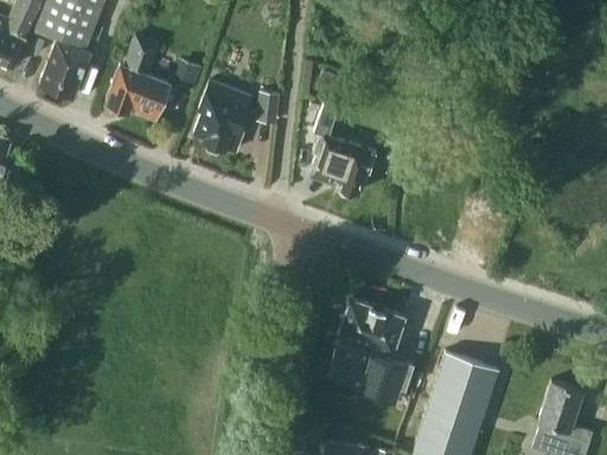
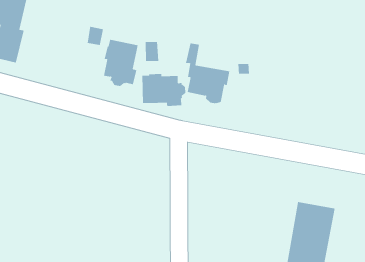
building: [106,36,168,120] -> none
building: none -> [142,73,186,107]
building: [332,300,413,402] -> none

